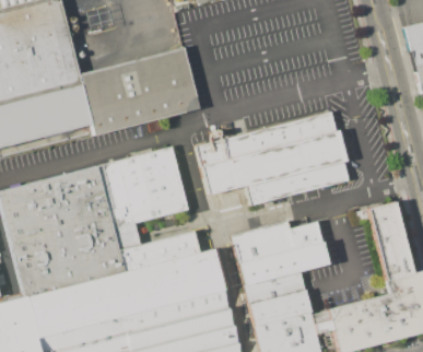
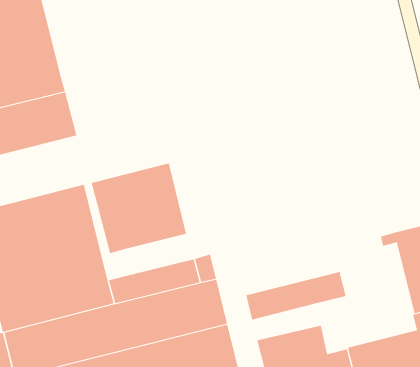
building: [79,47,200,134] -> none
building: [198,112,350,204] -> none
building: [98,165,141,250] -> none
building: [233,222,322,263] -> none
building: [245,271,306,303] -> none

